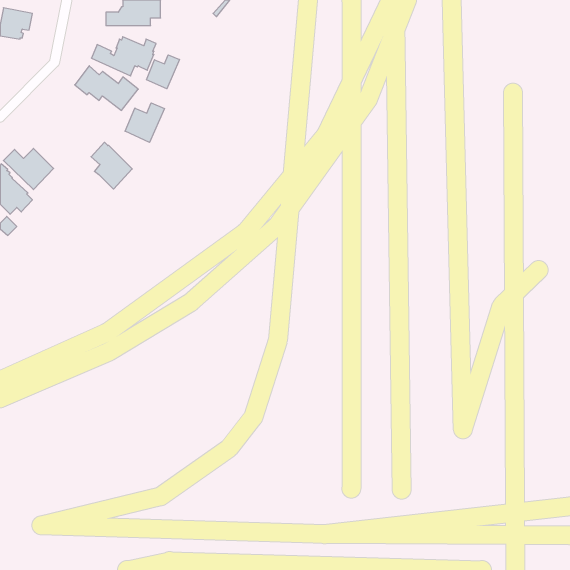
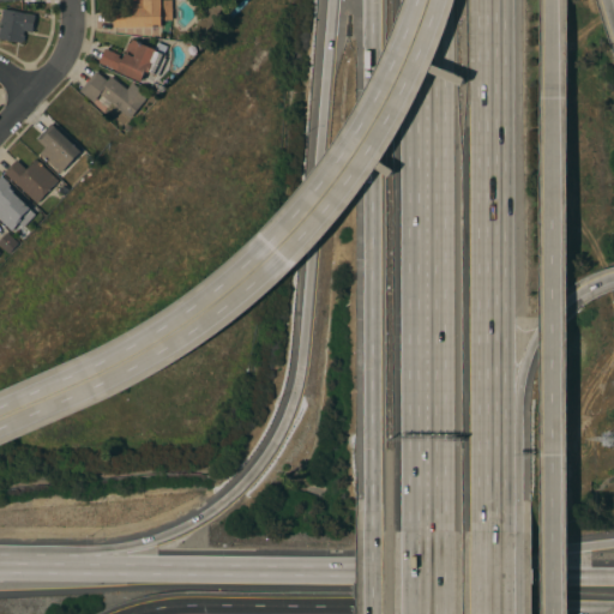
building: [146,55,179,89] -> none
building: [125,103,165,142] -> none
building: [91,142,132,189] -> [36,124,80,174]

